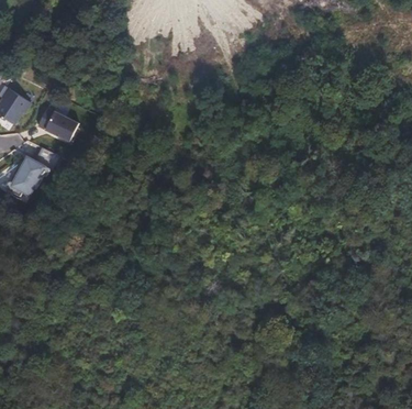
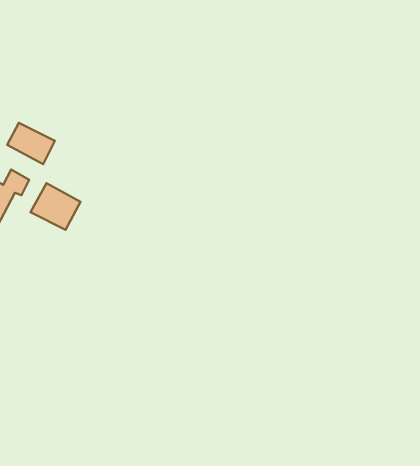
building: none -> [31,183,80,230]

